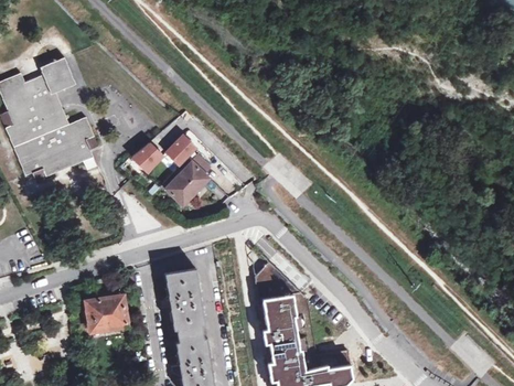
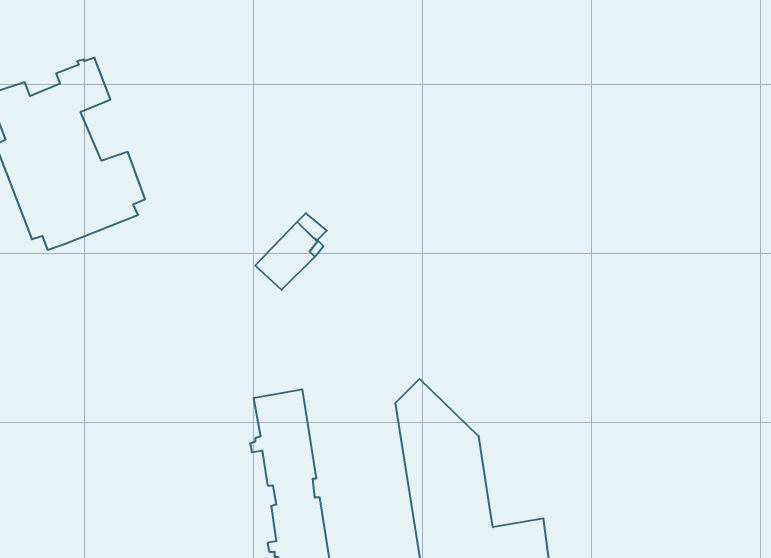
building: [167,137,197,167] -> none
building: [132,144,163,173] -> none
building: [88,297,127,331] -> none

